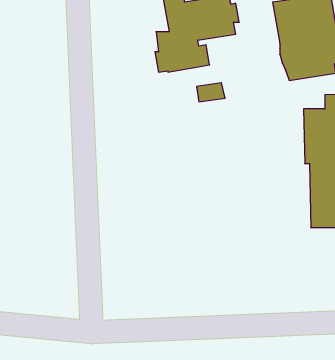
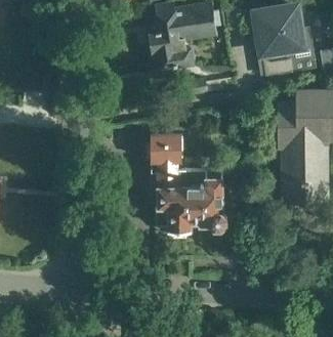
building: none -> [150,133,225,235]

